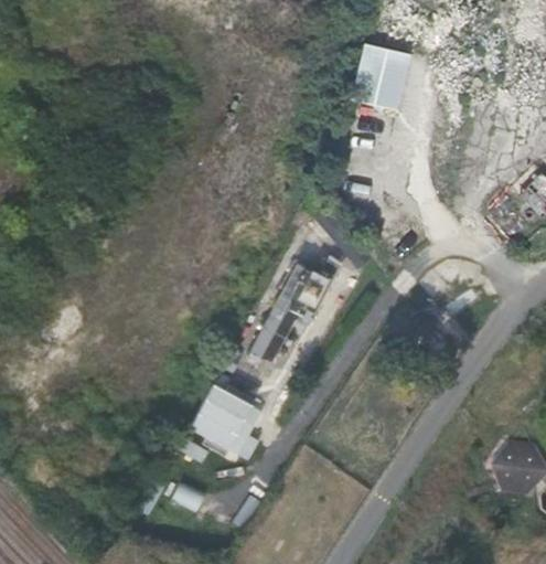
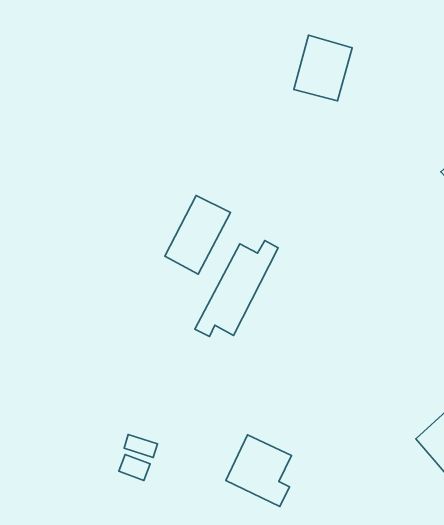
building: none -> [165,196,230,274]
building: [188,384,257,460] -> [226,435,291,507]

